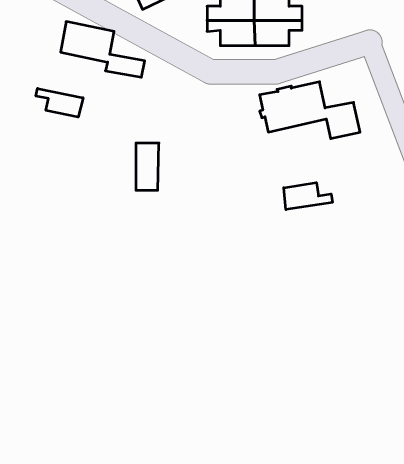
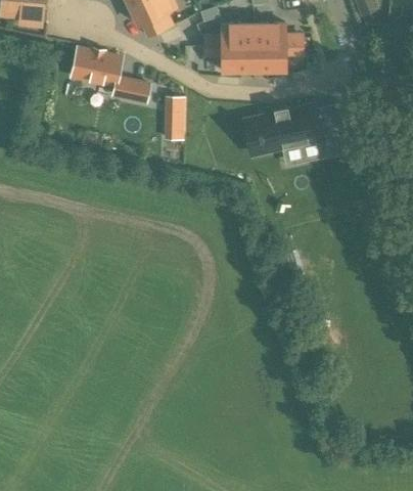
building: [36,88,83,117] -> none
building: [136,143,159,190] -> [166,96,187,140]
building: [284,183,332,210] -> none

